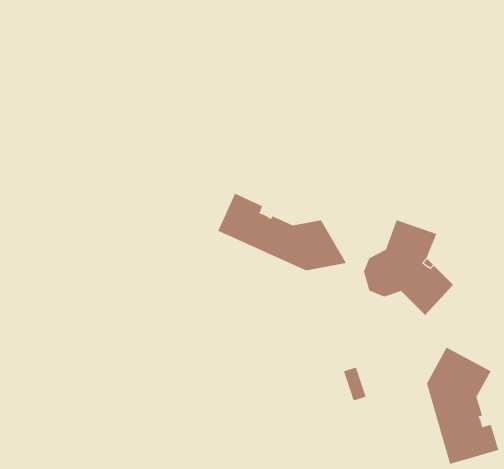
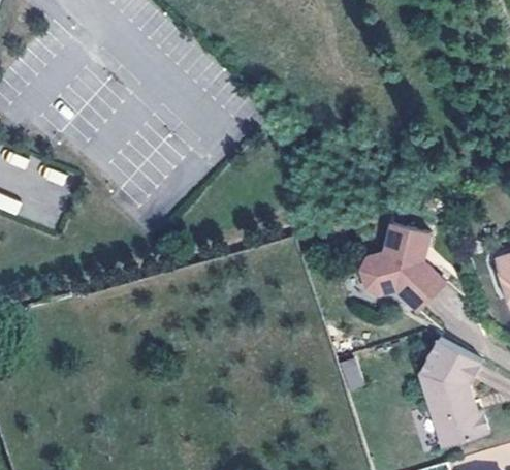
building: [218,193,347,271] -> none

